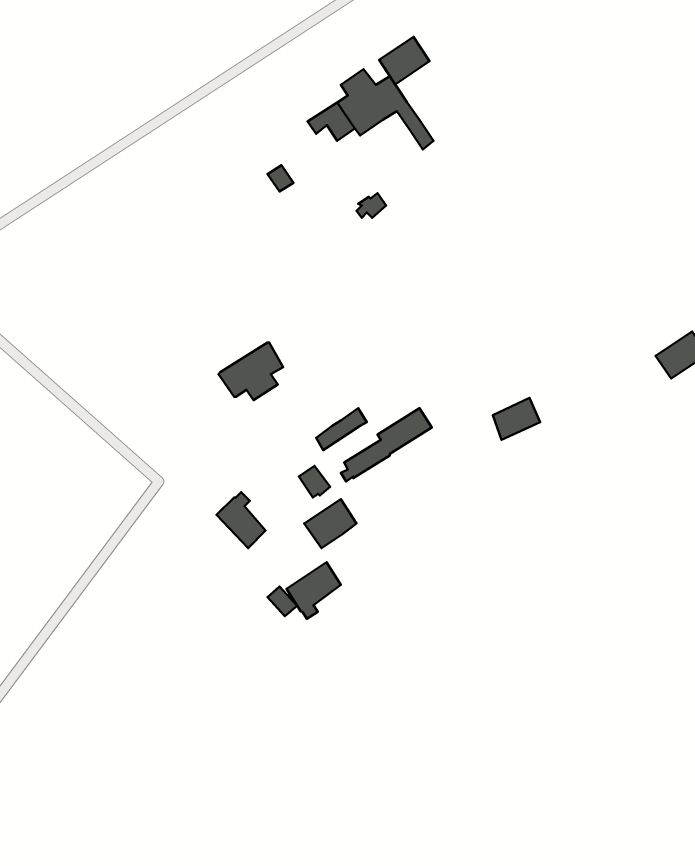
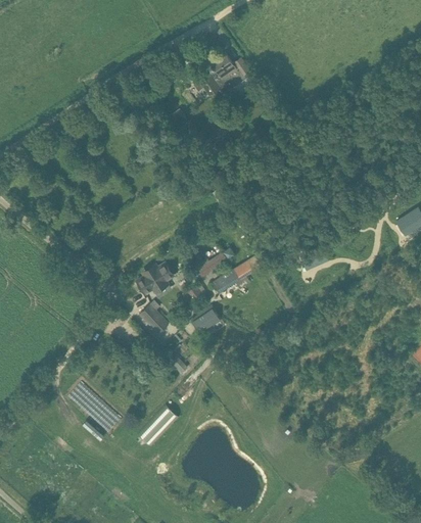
building: [379,37,429,84] -> none
building: [218,343,283,400] -> [136,263,174,296]
building: [286,562,341,619] -> none

